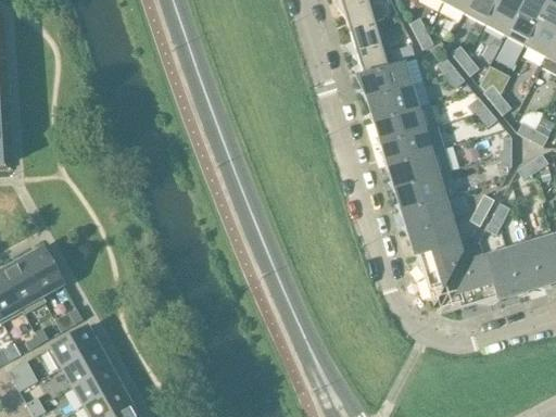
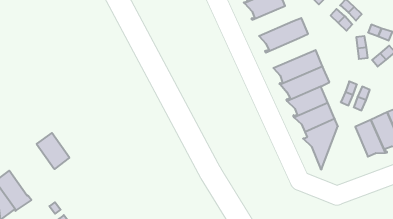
building: [366,84,419,119] -> none
building: [379,124,445,164] -> none
building: [22,247,63,294] -> [37,133,69,169]
building: [445,254,497,312] -> none

